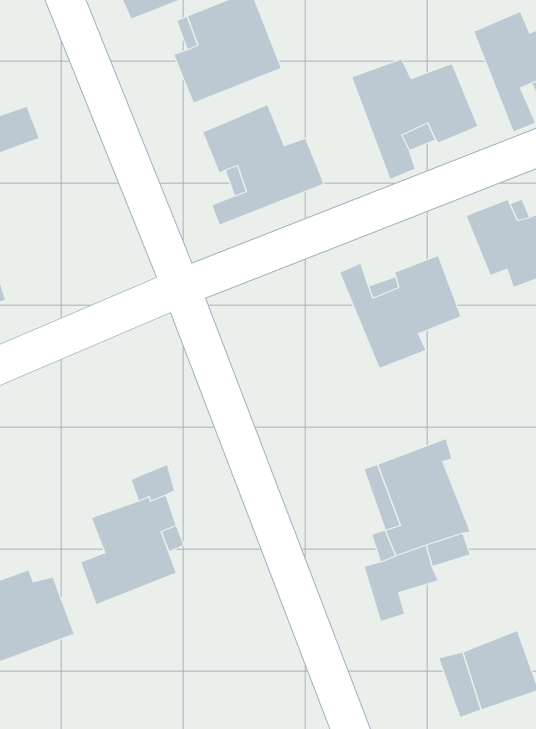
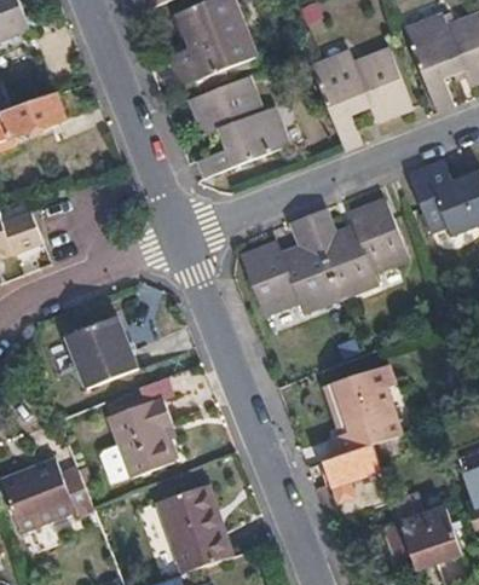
building: none -> [240,221,335,313]
building: none -> [65,312,139,383]
building: none -> [162,483,237,569]

